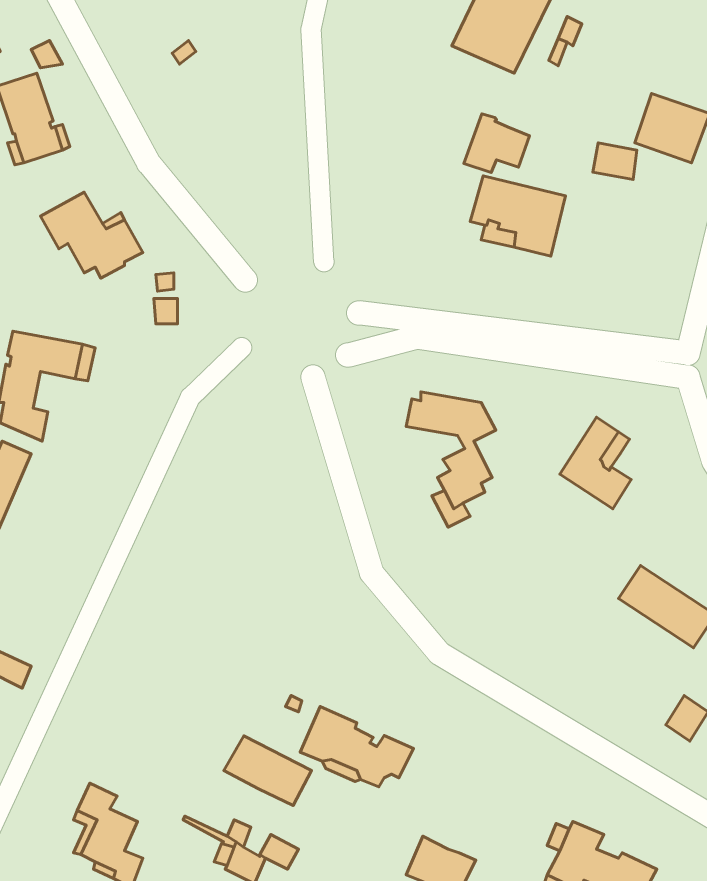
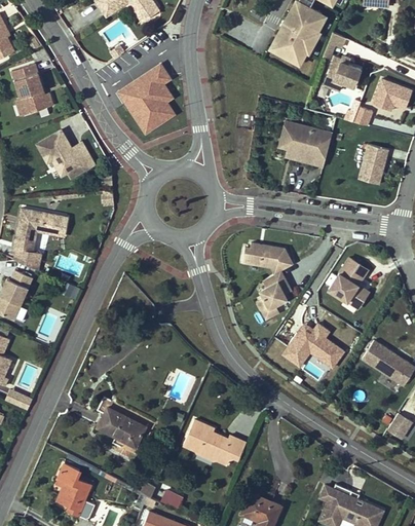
building: none -> [116,61,177,134]
building: [464,114,530,173] -> [324,58,361,90]
building: none -> [359,144,388,185]
building: none -> [280,318,346,367]
building: [224,736,311,805] -> [97,407,146,446]

